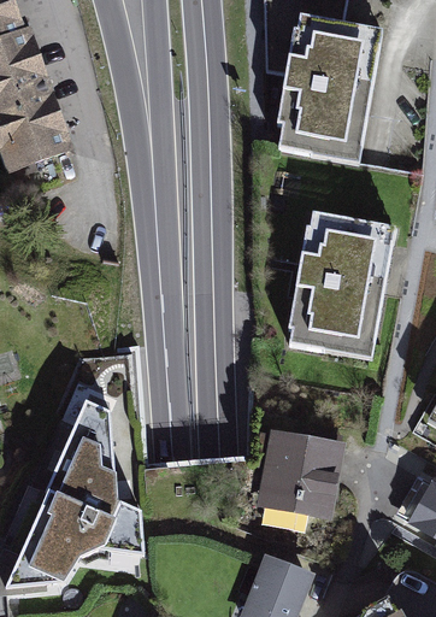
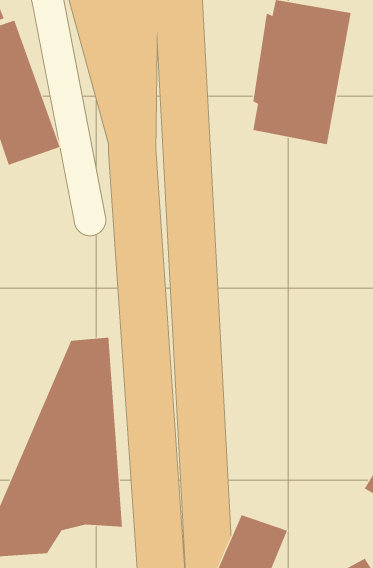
building: [287,206,399,354] -> none
building: [258,430,347,533] -> none

